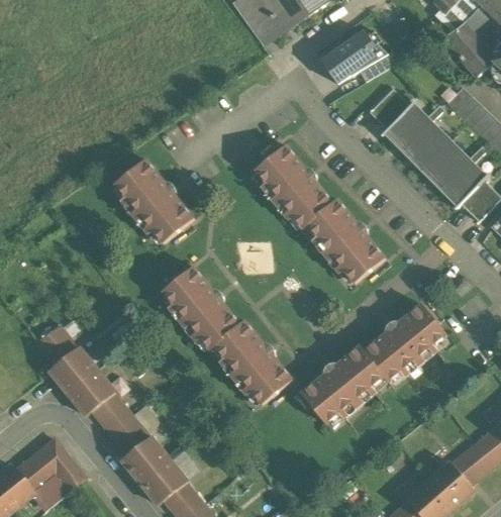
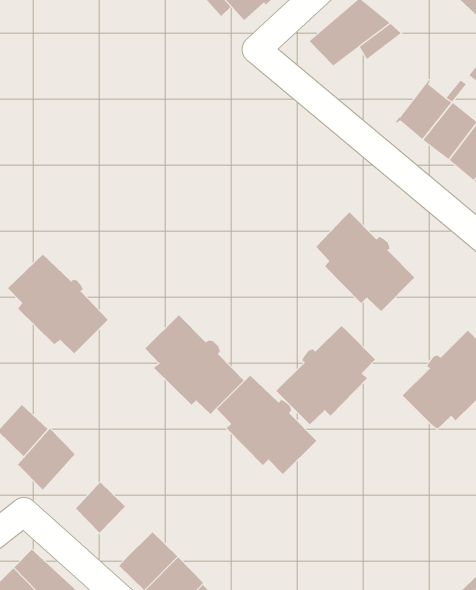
building: [368,87,409,129] -> none
building: [255,145,332,228] -> none
building: [114,160,192,242] -> [7,254,108,354]
building: [300,346,383,423] -> [276,325,376,425]
building: [68,369,115,417] -> none
building: [109,415,151,456] -> none

